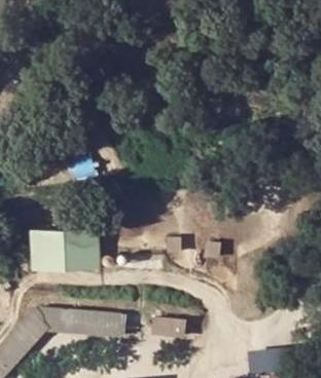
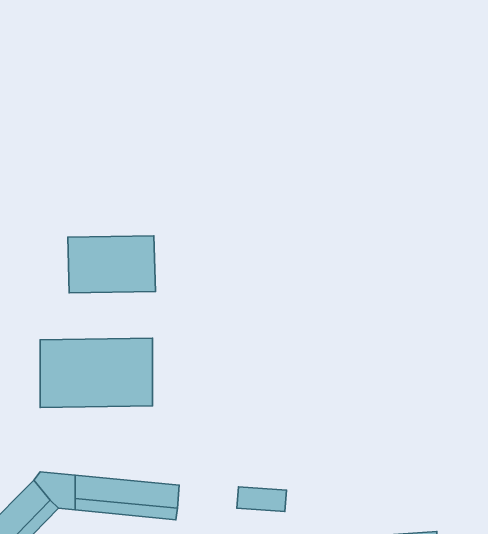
building: none -> [68,236,155,293]

